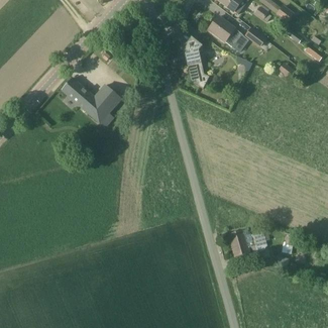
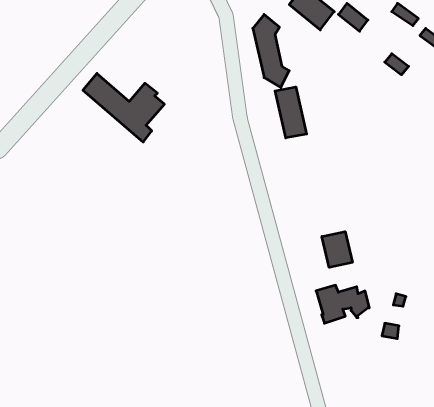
building: none -> [275,87,307,138]
building: none -> [322,232,352,267]

